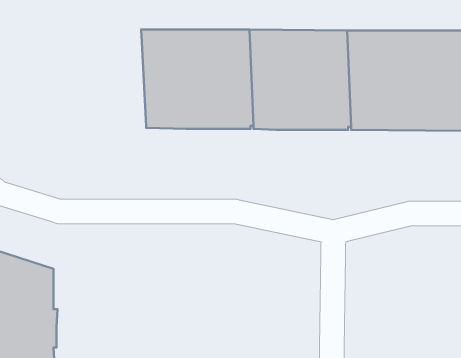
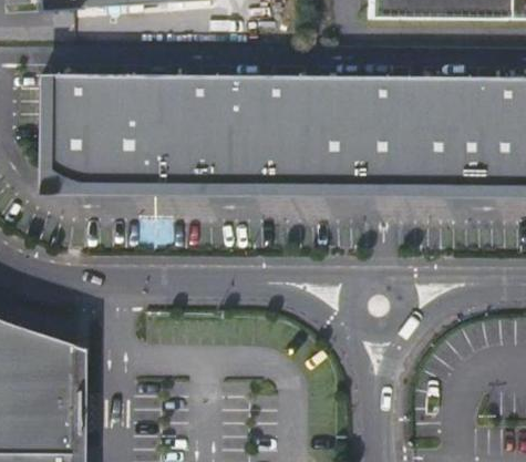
building: none -> [42,71,171,183]

